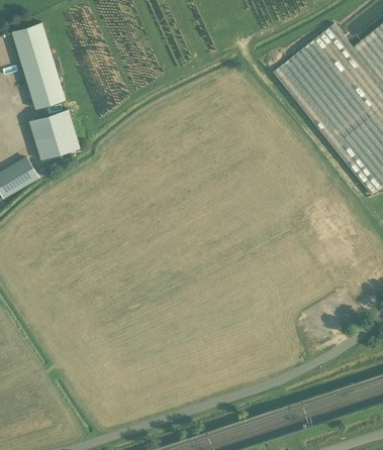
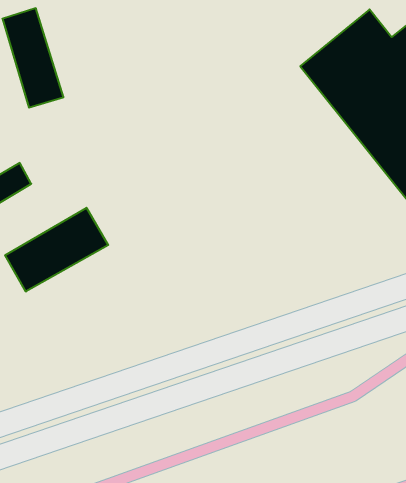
building: [29,109,80,159] -> none
building: none -> [5,208,108,292]

